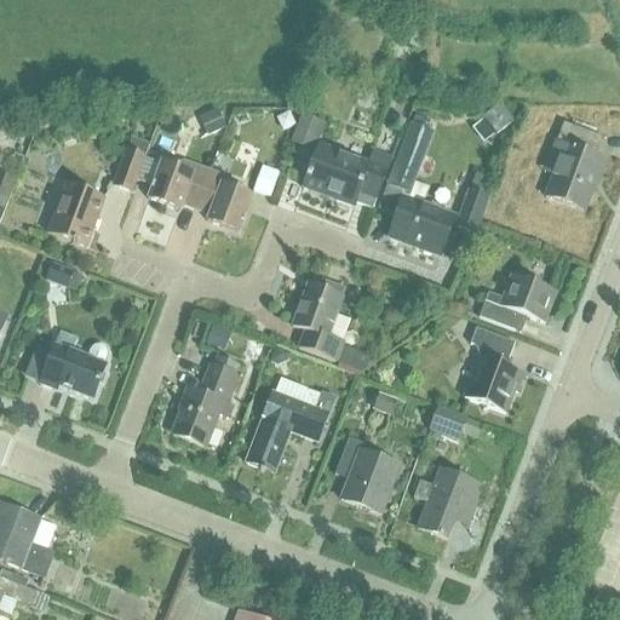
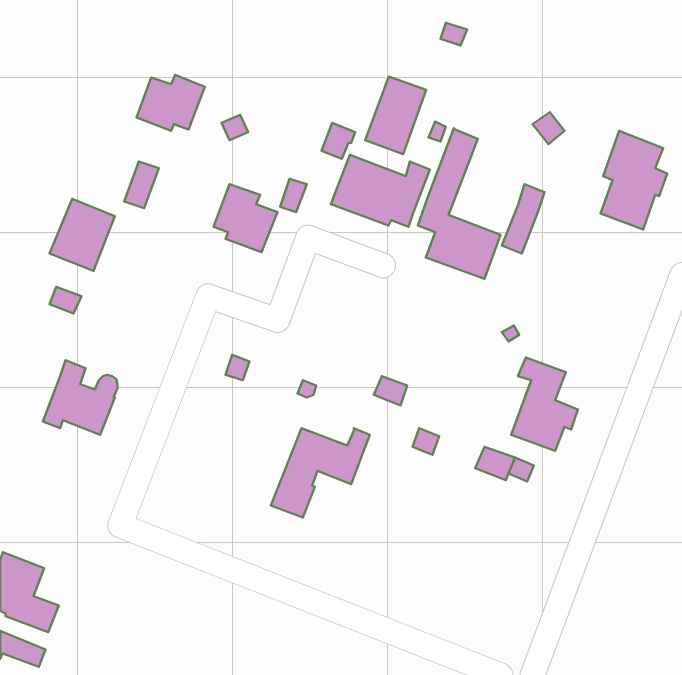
building: none -> [365,76,426,154]
building: [147,156,208,207] -> [137,75,205,131]
building: [480,272,556,327] -> none
building: [294,277,350,358] -> none
building: [173,354,240,443] -> none
building: [335,434,402,511] -> none
building: [414,466,484,536] -> none

